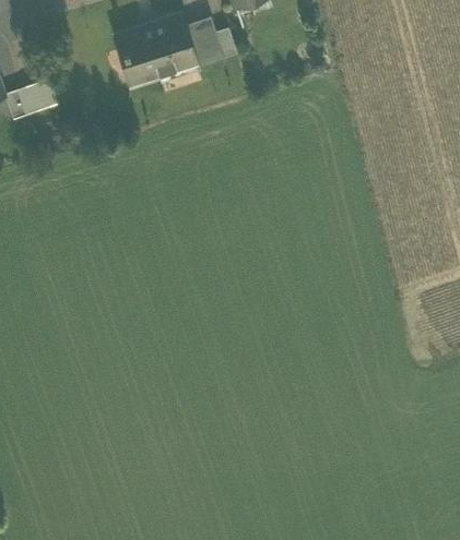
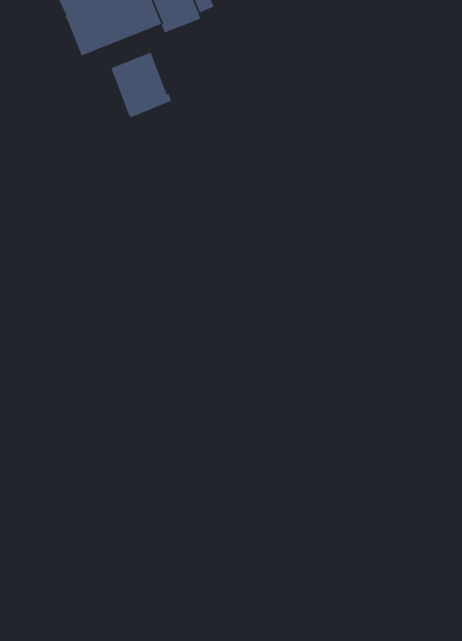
building: none -> [110,52,172,118]

